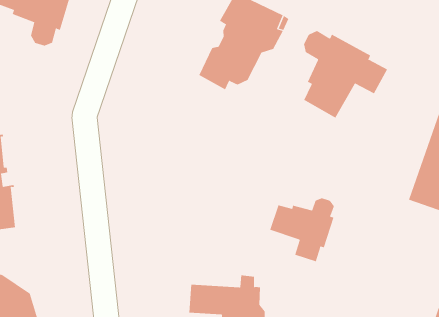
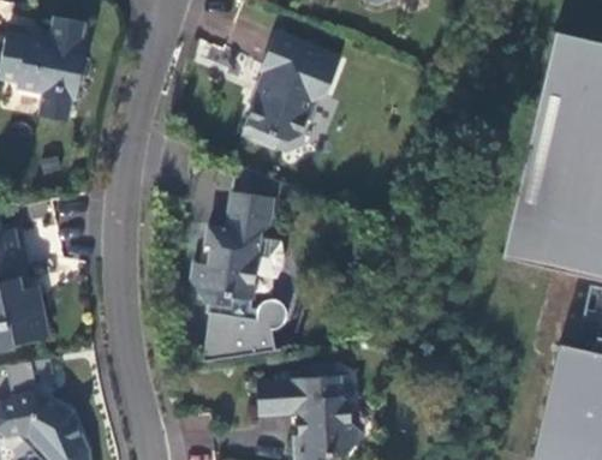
building: [303,30,388,118] -> none
building: none -> [192,191,285,359]
building: [269,198,335,262] -> none

